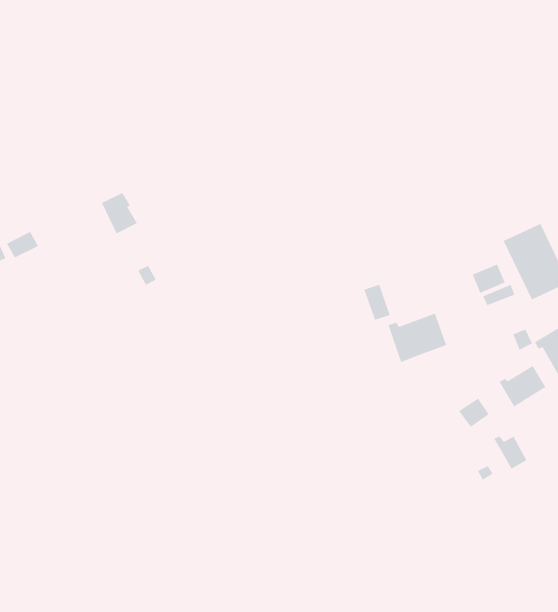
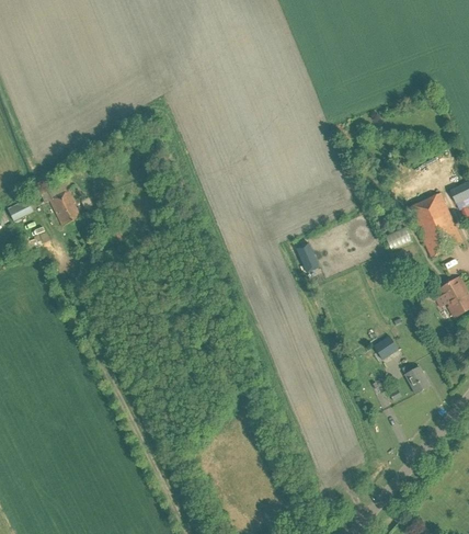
building: [101,192,138,234] -> [48,192,78,226]
building: [388,313,447,363] -> none
building: [499,365,546,408] -> none

